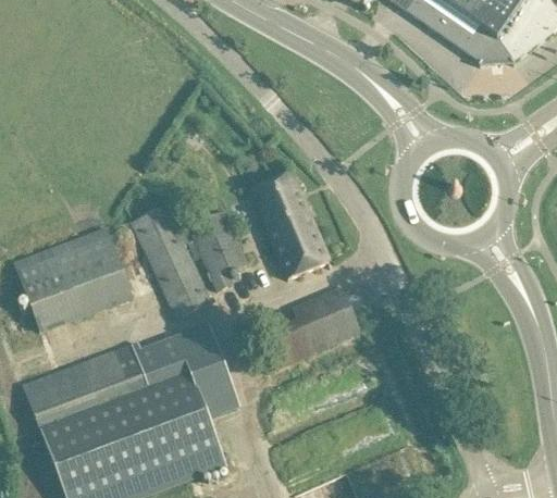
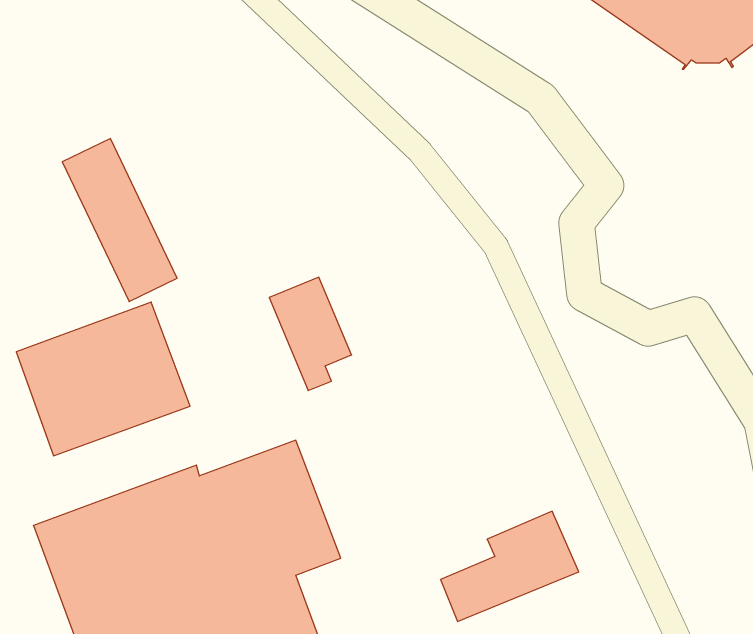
building: [251,174,330,279] -> none
building: [132,204,212,319] -> [62,139,177,302]
building: [263,289,360,366] -> [441,511,579,622]

